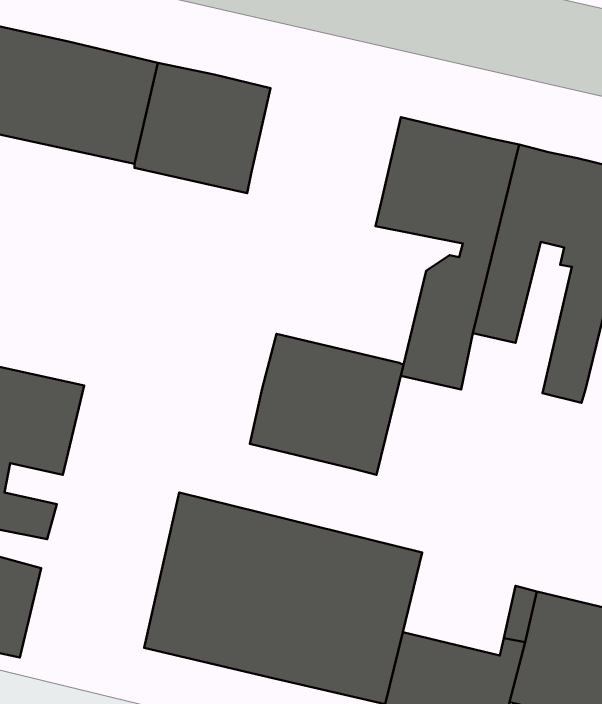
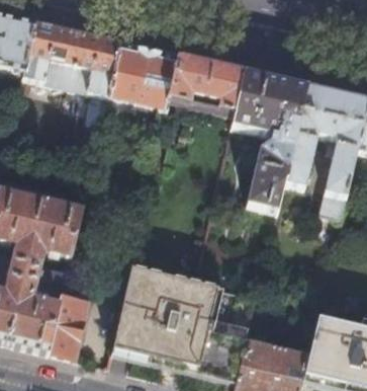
building: none -> [168,53,246,111]
building: [250,334,403,475] -> none
building: none -> [48,292,86,356]

